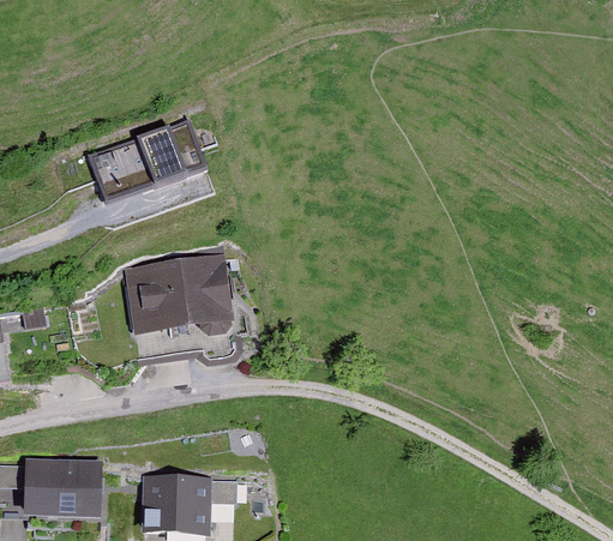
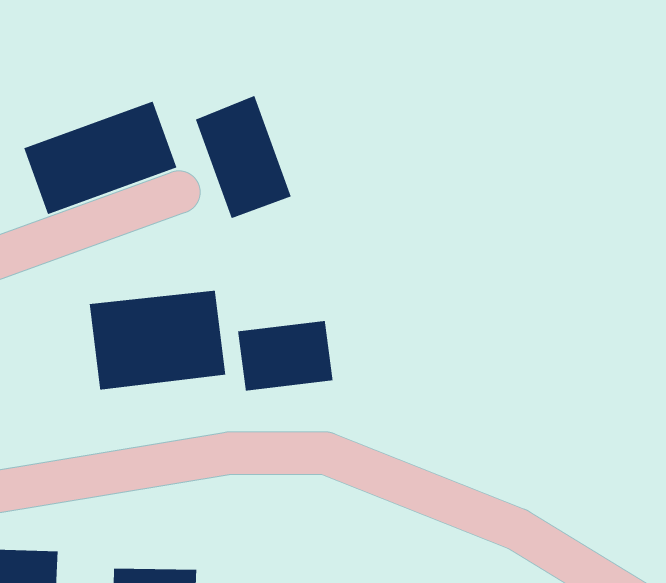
building: none -> [195,95,292,219]
building: none -> [237,320,334,392]

